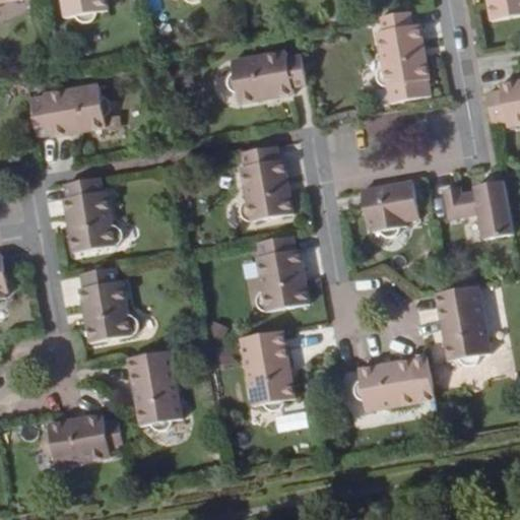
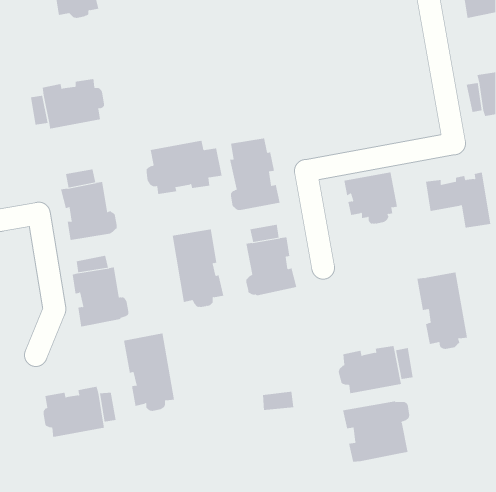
building: [376,9,431,101] -> none
building: [225,50,306,107] -> [146,140,223,194]
building: [238,329,292,411] -> [172,229,224,307]
building: none -> [342,400,410,463]

